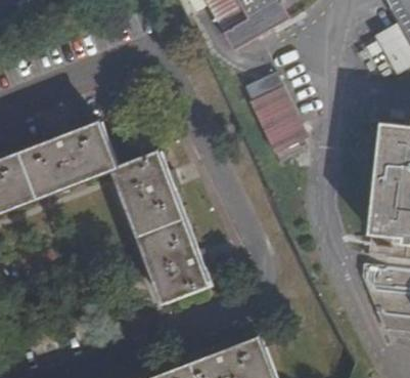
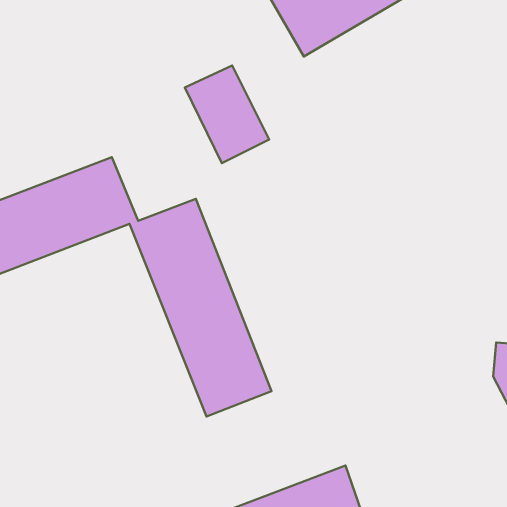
building: [250,88,309,156] -> [185,65,269,163]

